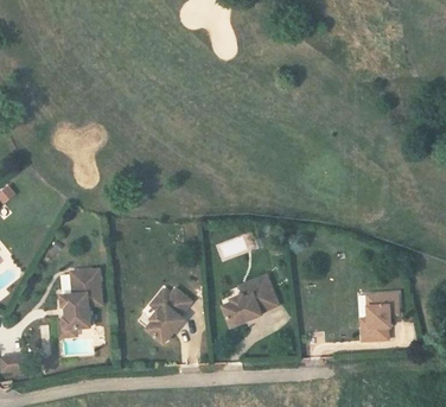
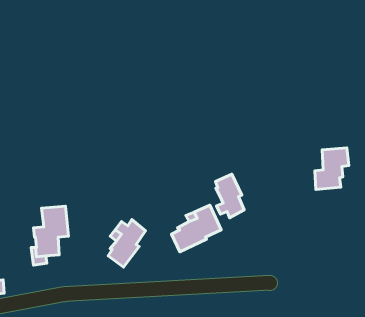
building: none -> [215,174,244,218]
building: [351,287,390,335] -> [315,148,349,189]

